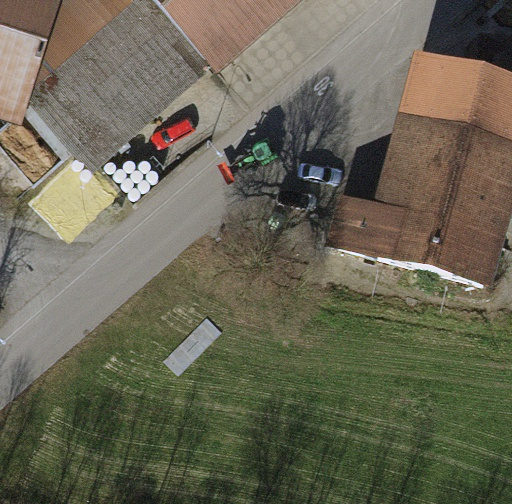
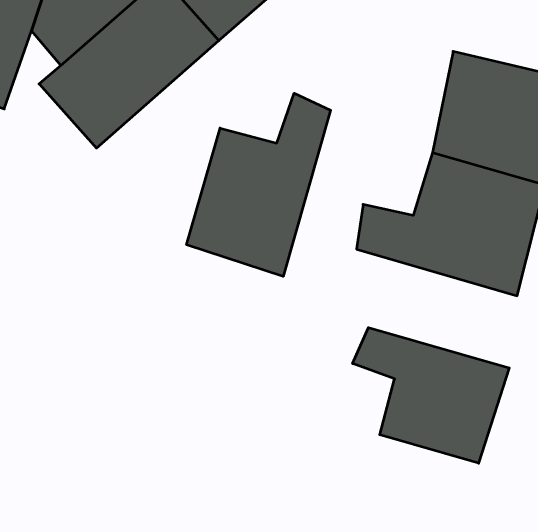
building: none -> [187,93,331,276]
building: none -> [353,328,509,463]

